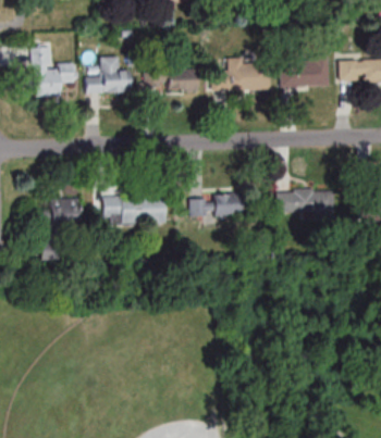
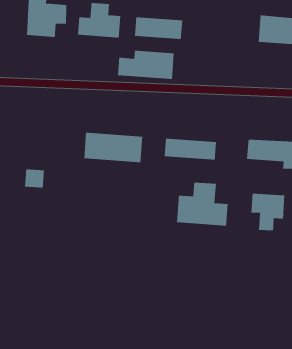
building: [211,62,271,90] -> [117,50,175,80]
building: [49,199,78,224] -> none
building: none -> [176,182,228,227]
building: none -> [251,193,285,231]

